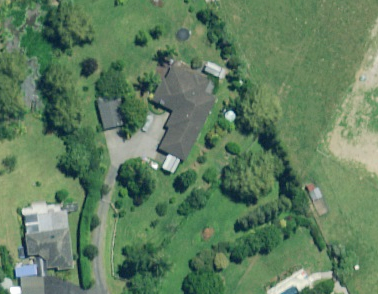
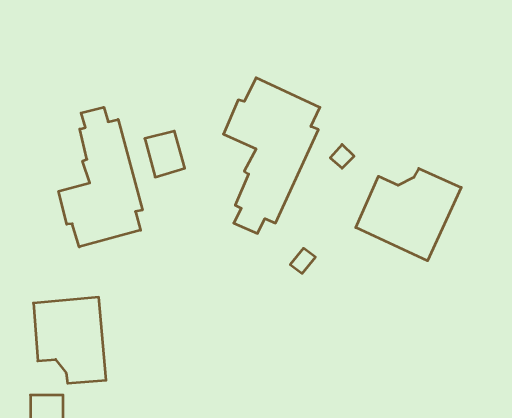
building: none -> [59,107,142,247]
building: none -> [356,168,461,261]

